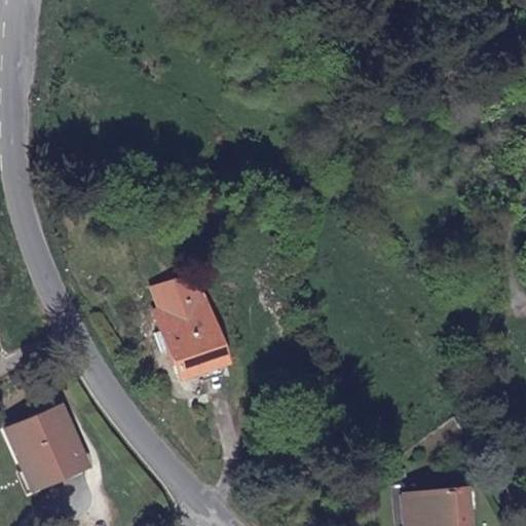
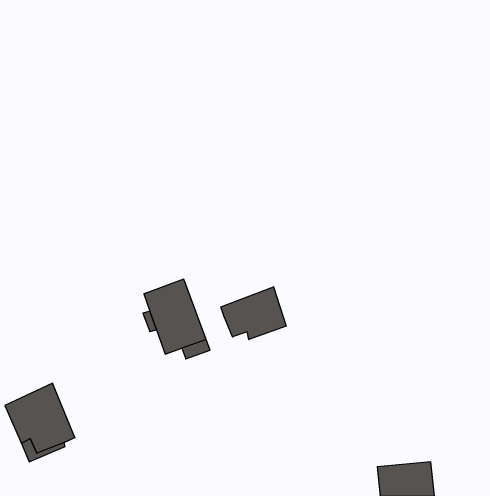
building: [154,273,198,309] -> none
building: none -> [221,287,286,340]

